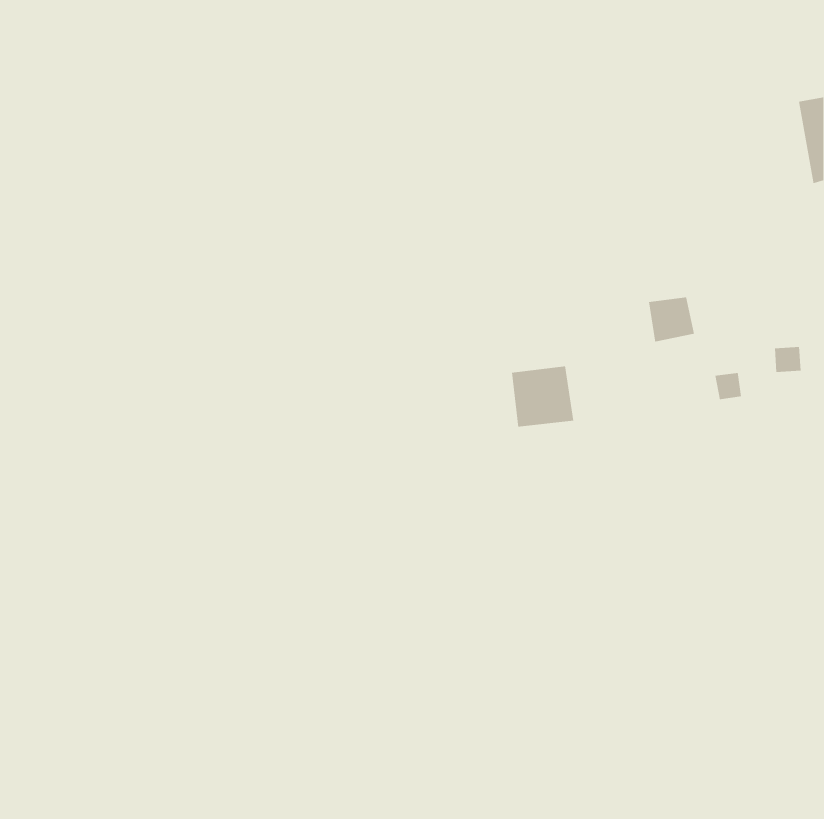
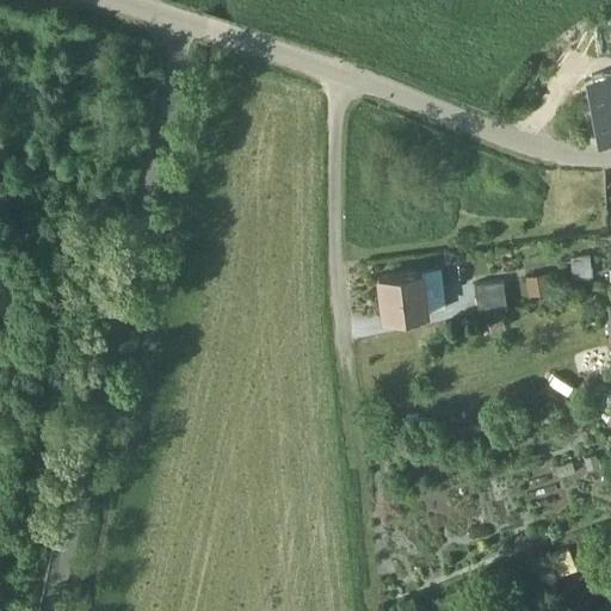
building: [648,297,695,342] -> [473,284,507,317]
building: none -> [419,272,443,315]

